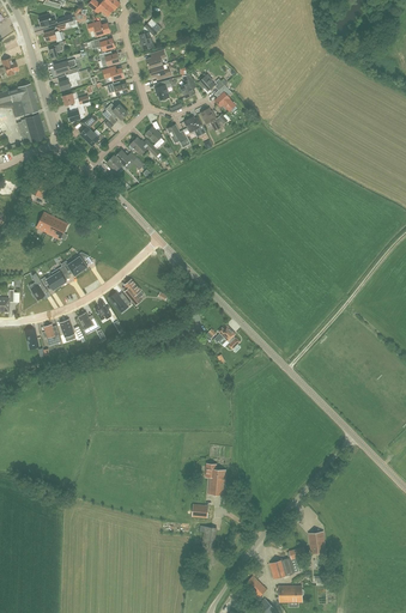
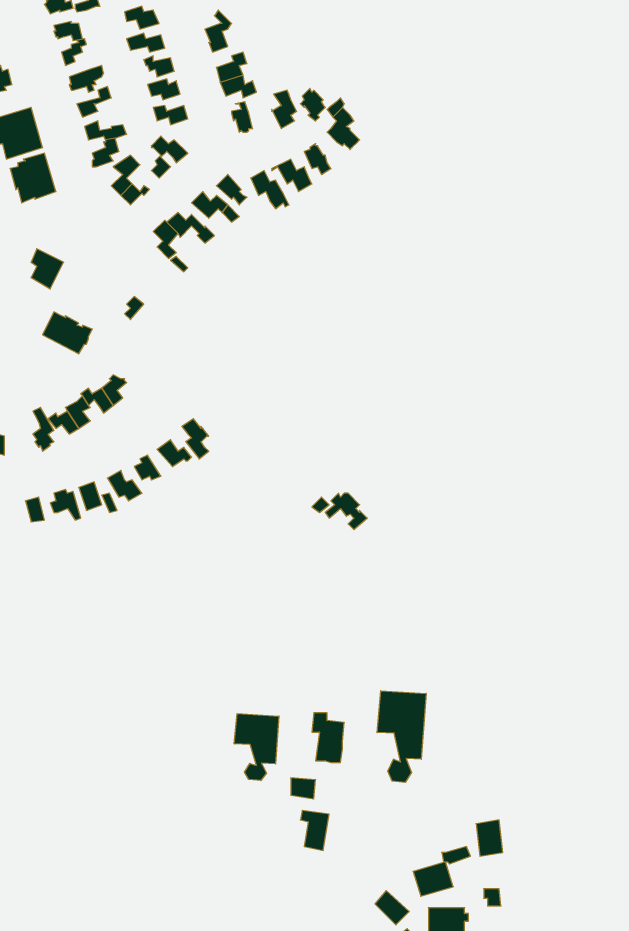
building: none -> [377,691,426,782]
building: none -> [234,714,279,781]

